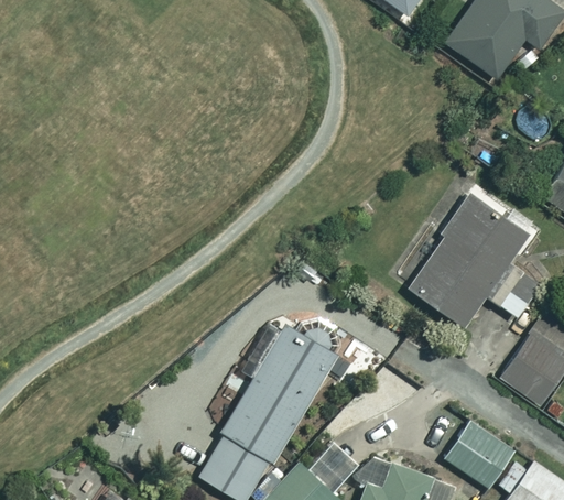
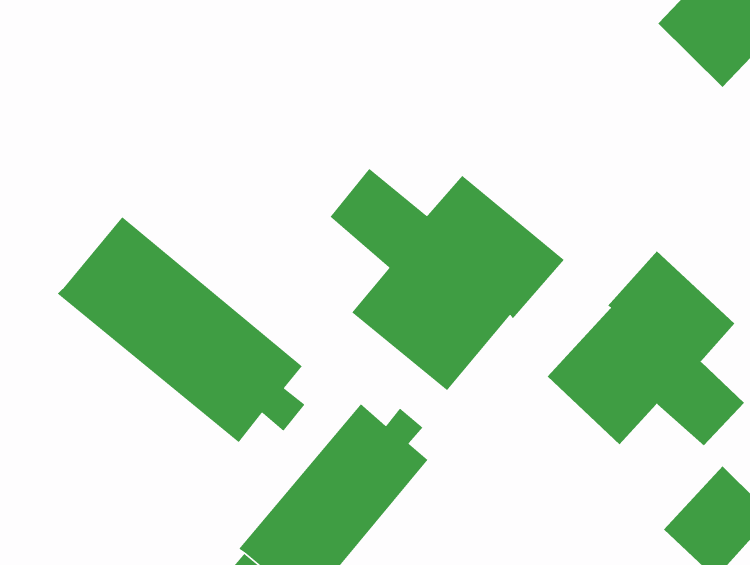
building: none -> [329,168,565,391]
building: none -> [57,216,305,443]

